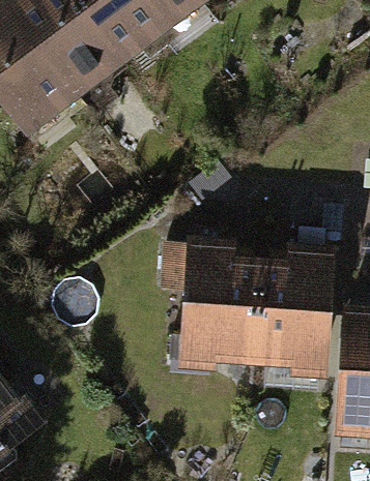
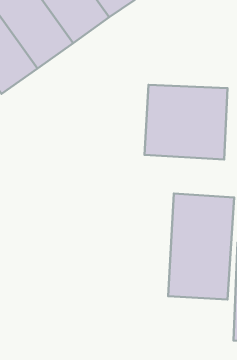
building: none -> [145,85,227,159]
building: [178,243,257,378] -> none

